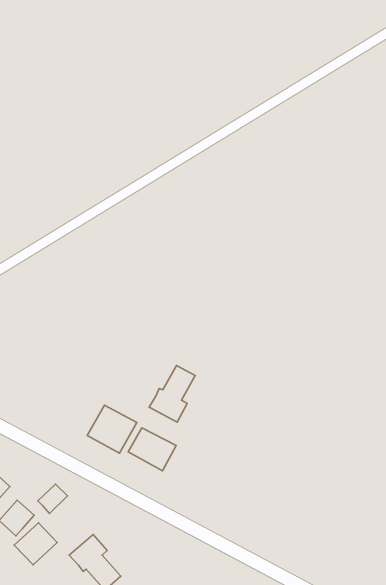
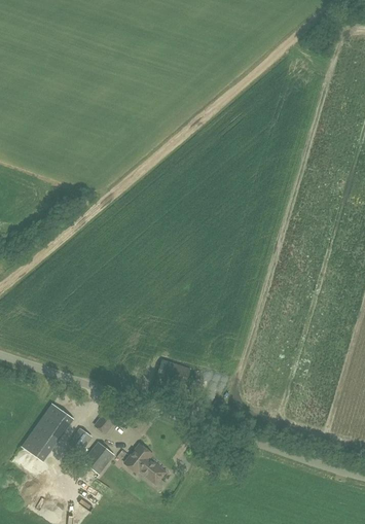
building: [149,365,195,422] -> none
building: [87,405,137,453] -> none

